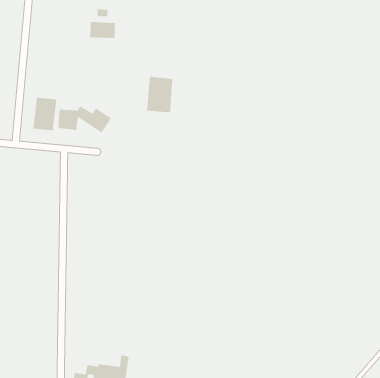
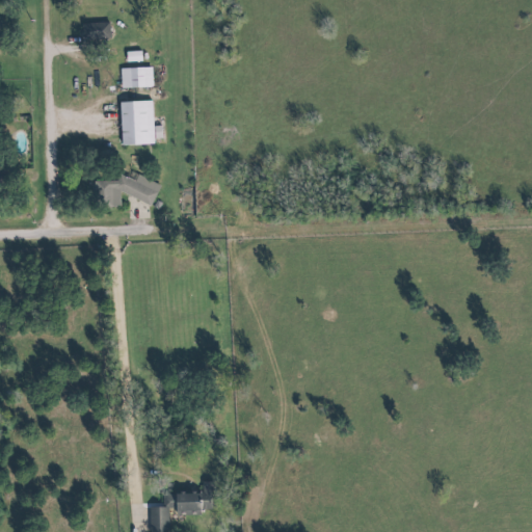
building: [146,76,173,113] -> [122,100,154,143]
building: [33,97,57,131] -> none

